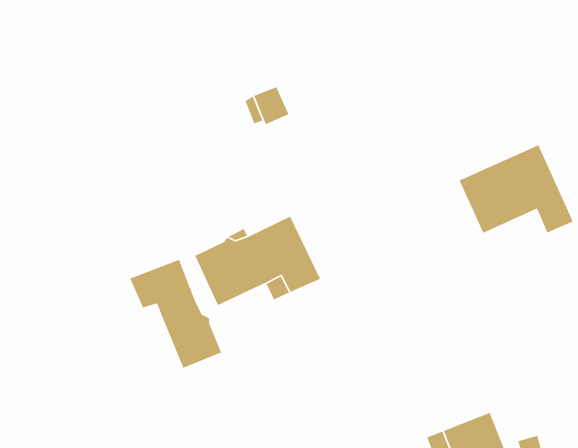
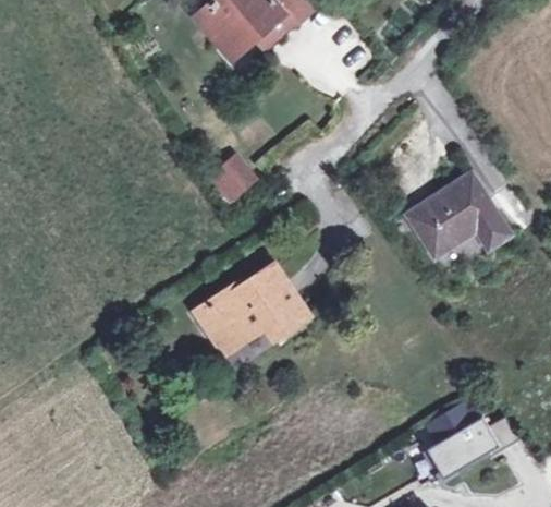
building: [129,259,222,369] -> none

